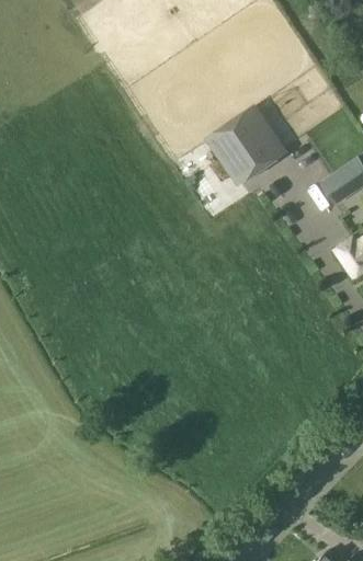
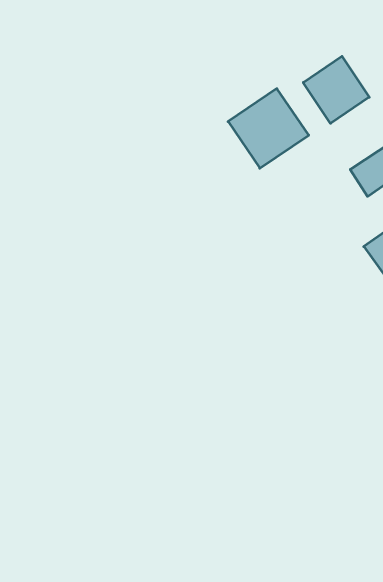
building: none -> [303,56,369,123]

